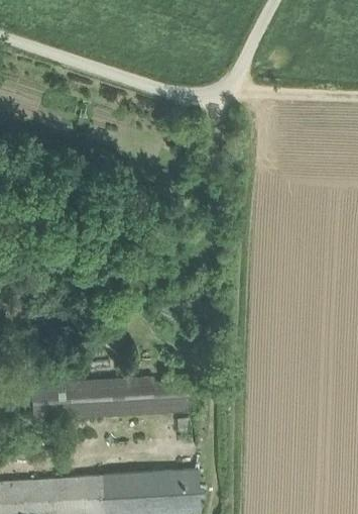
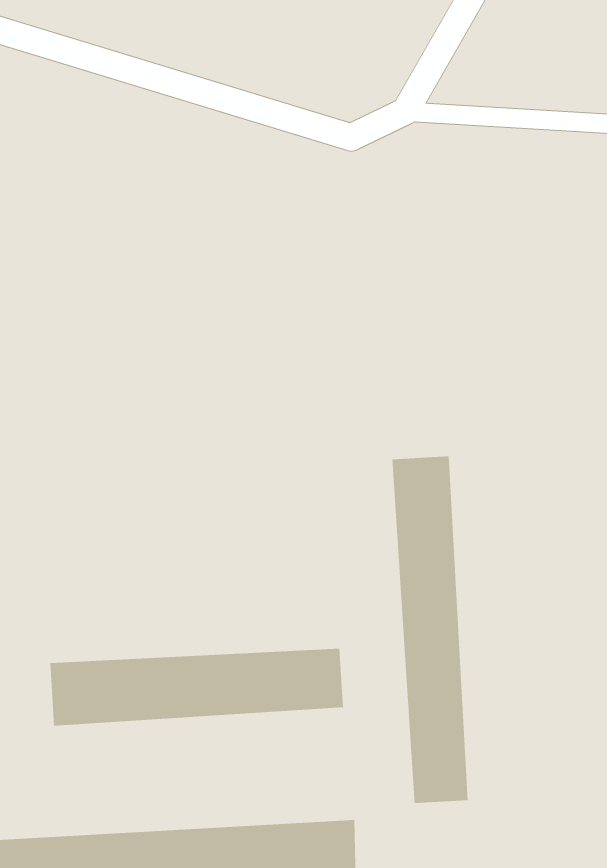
building: none -> [392,456,468,804]

